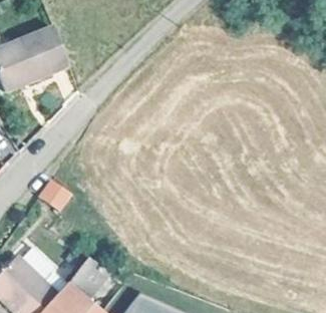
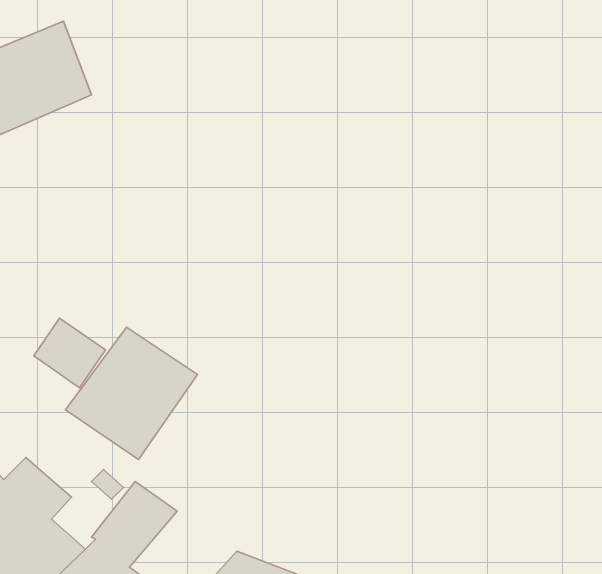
building: none -> [65,327,198,460]

